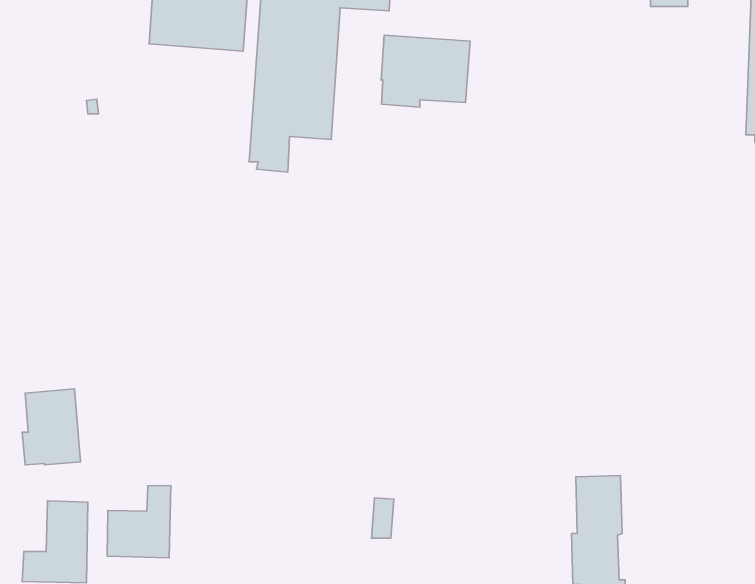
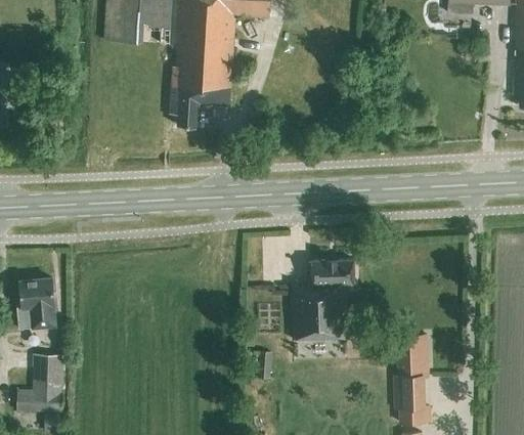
building: [381,35,470,107] -> none
building: none -> [293,257,354,337]
building: [107,486,171,558] -> none

